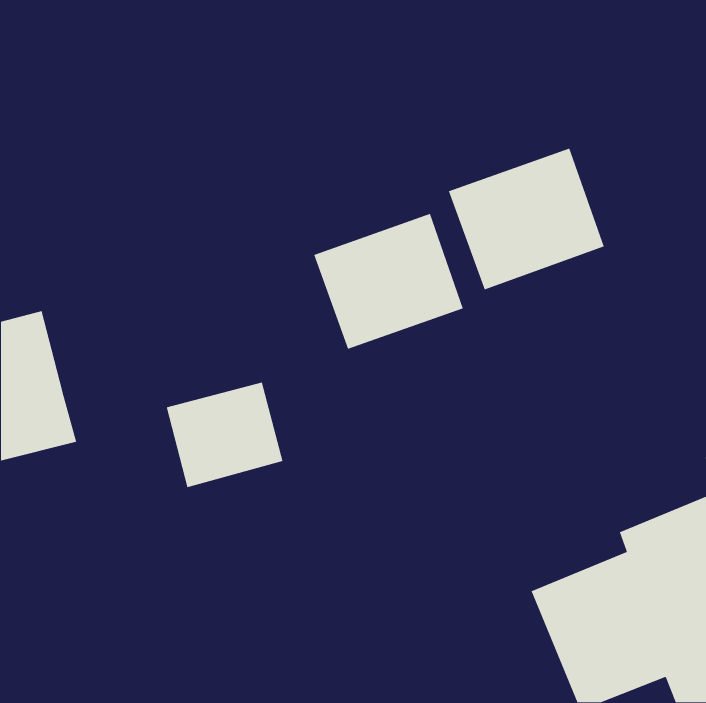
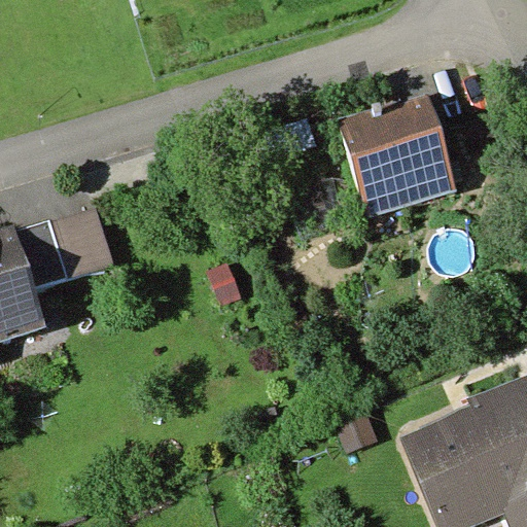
building: [313,213,464,350] -> none
building: [166,381,284,488] -> [39,209,126,287]

